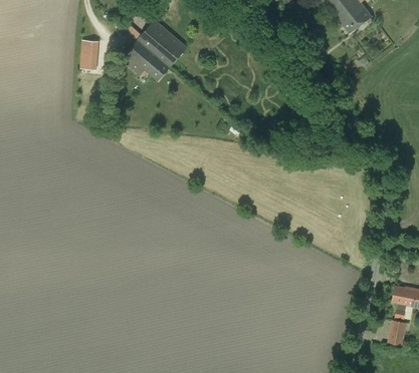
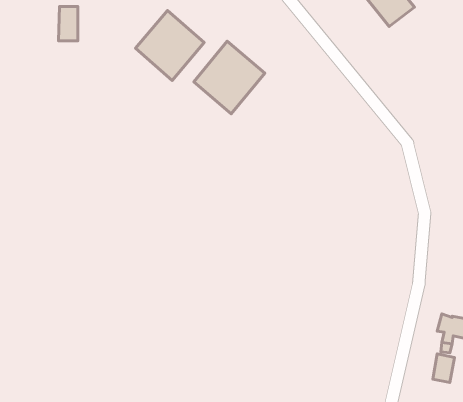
building: [80,39,97,69] -> [58,7,78,41]
building: none -> [194,41,265,114]

